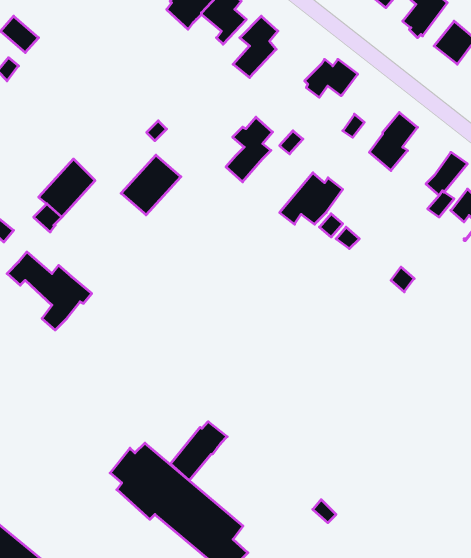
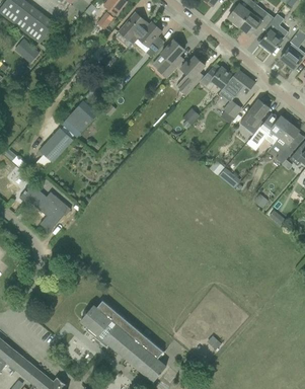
building: none -> [224,69,255,96]
building: [226,117,273,182] -> [176,56,205,95]
building: [121,155,181,215] -> [62,100,98,137]
building: [280,173,343,224] -> [251,112,290,144]
building: [171,422,227,481] -> none

